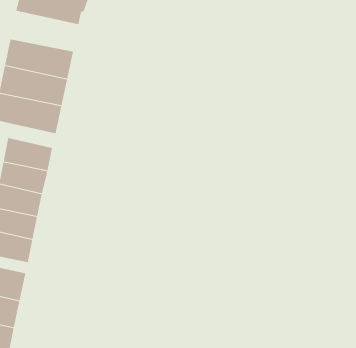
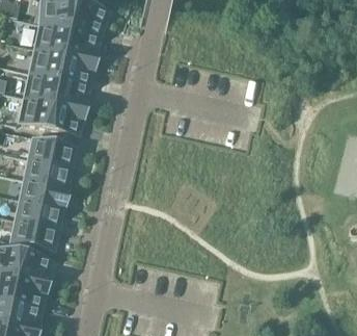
building: none -> [35,25,98,61]

